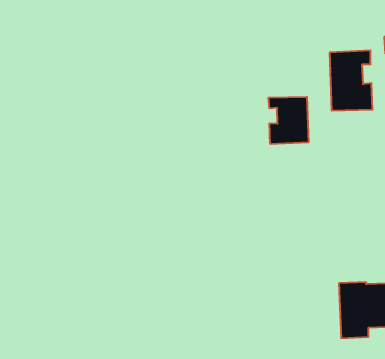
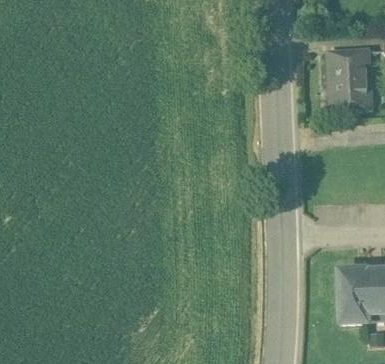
building: [269,97,308,144] -> none

